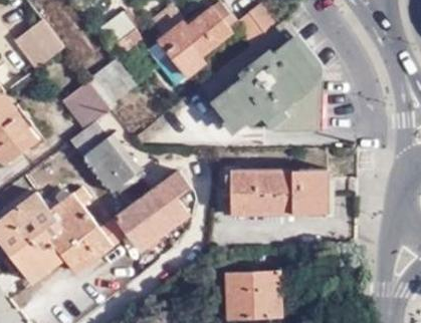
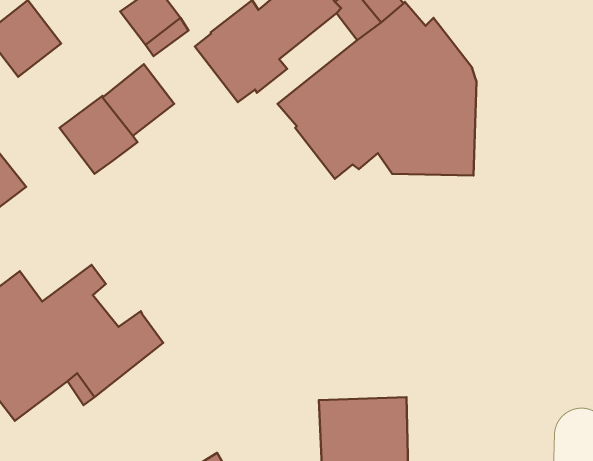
building: [69,122,136,196] -> none
building: [230,170,328,215] -> none
building: [115,171,190,252] -> none

